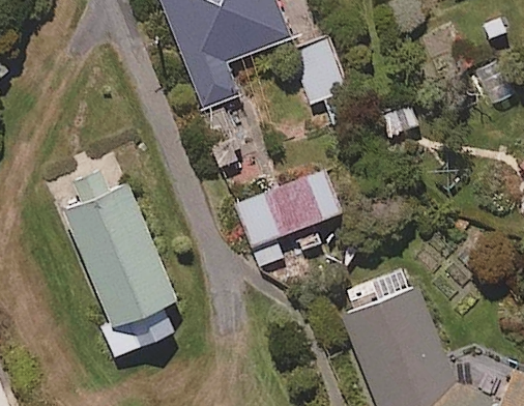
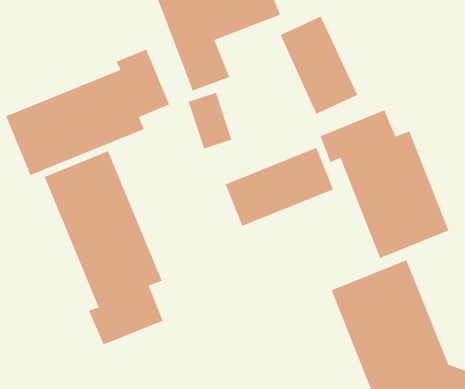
building: none -> [6,49,170,176]
building: none -> [320,109,449,259]

